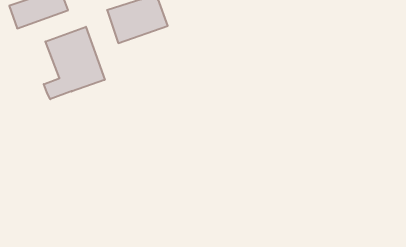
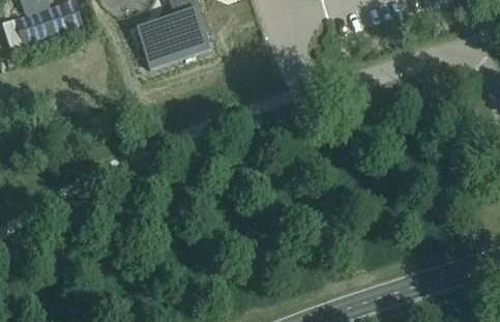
building: [44,27,105,99] -> none

